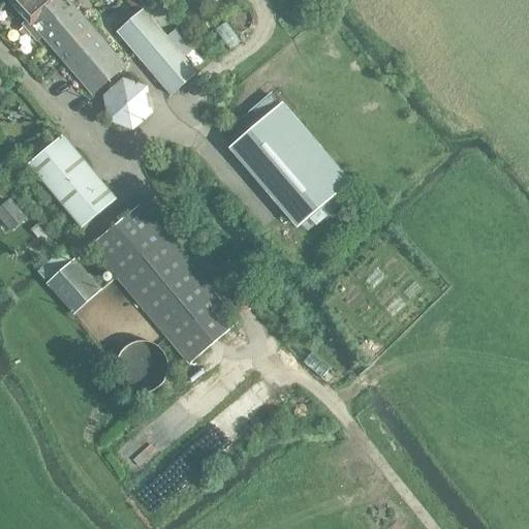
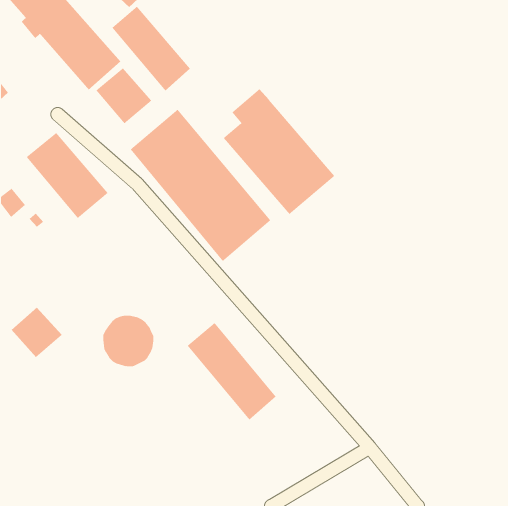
building: [91,204,238,363] -> [130,109,271,262]
building: [46,259,100,312] -> [11,307,63,358]
building: none -> [187,322,276,420]

